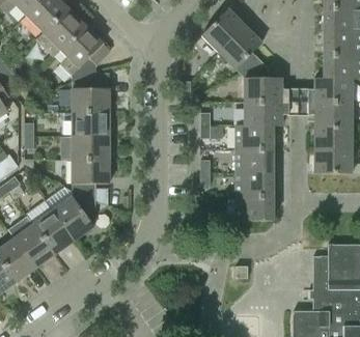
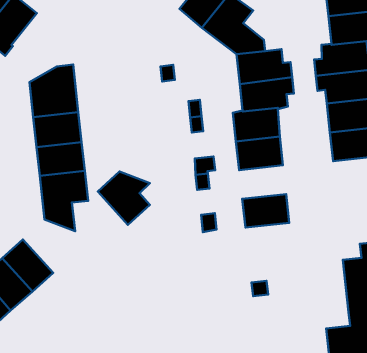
building: [60,26,109,82] -> none
building: [236,173,272,197] -> none
building: [52,196,95,241] -> [98,171,150,225]

